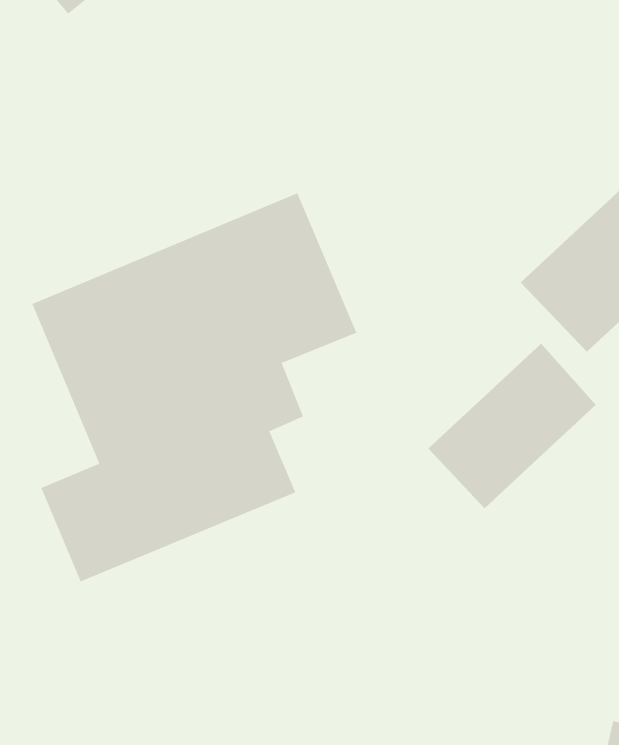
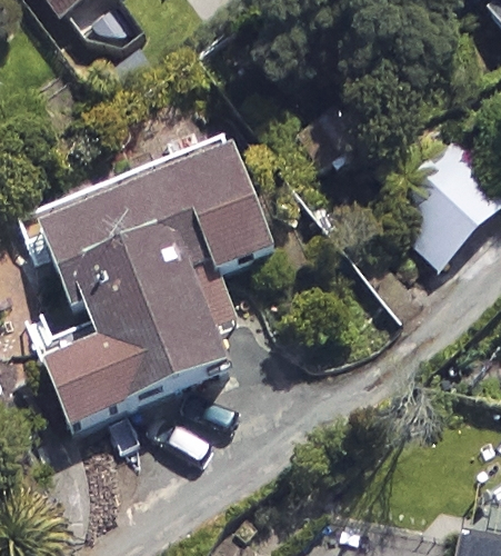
building: [427,343,597,509] -> none

